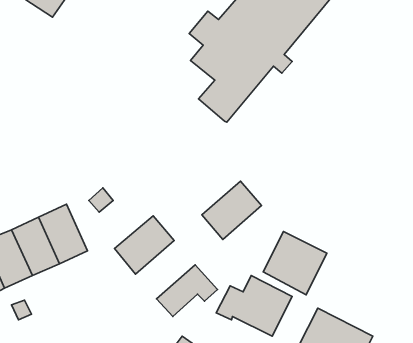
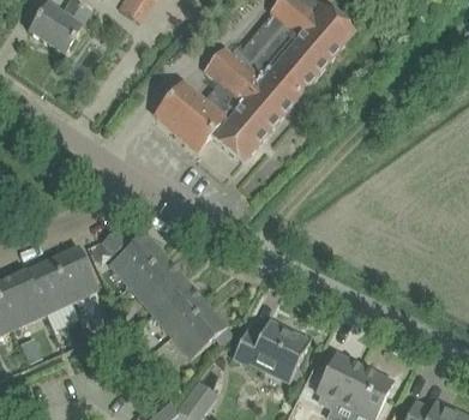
building: none -> [156,82,226,149]
building: [202,181,262,240] -> [150,282,211,342]
building: none -> [107,232,168,290]
building: [263,232,327,295] -> none

